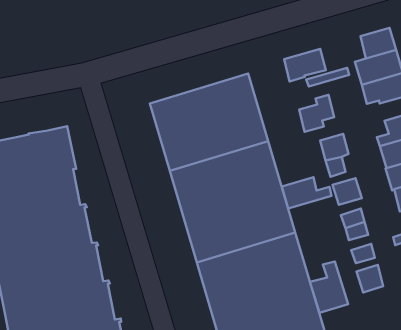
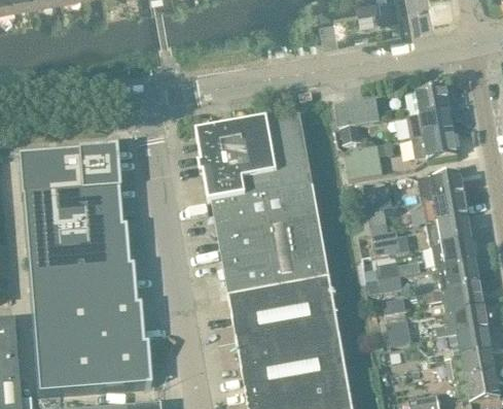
building: [282,177,332,209] -> none
building: [310,261,348,313] -> none

